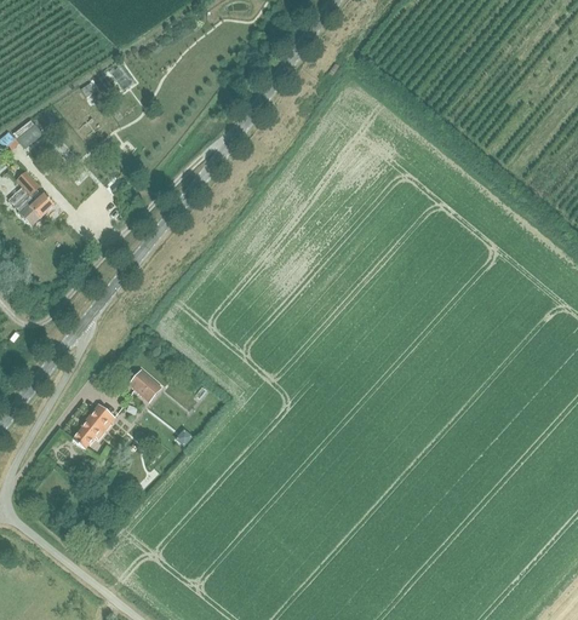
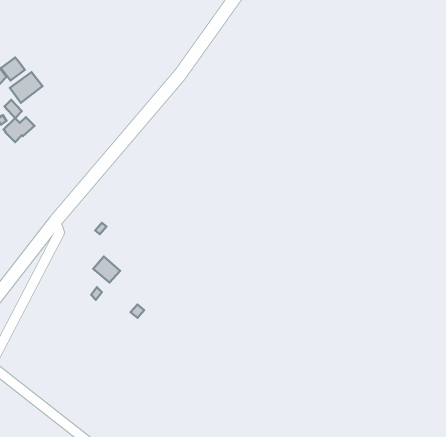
building: none -> [10,72,43,103]
building: [73,403,115,448] -> none

